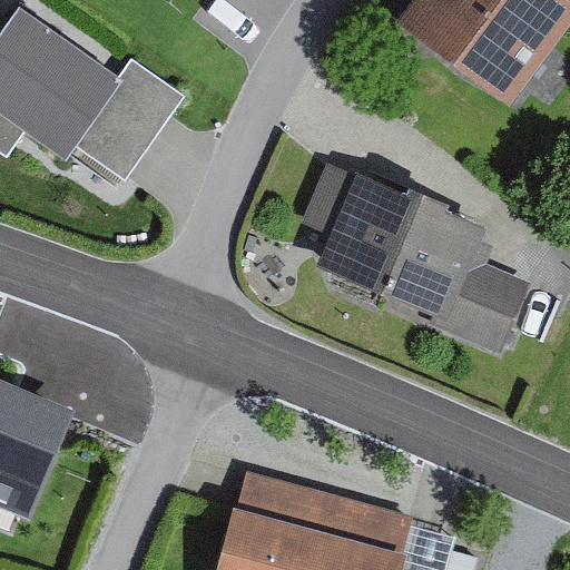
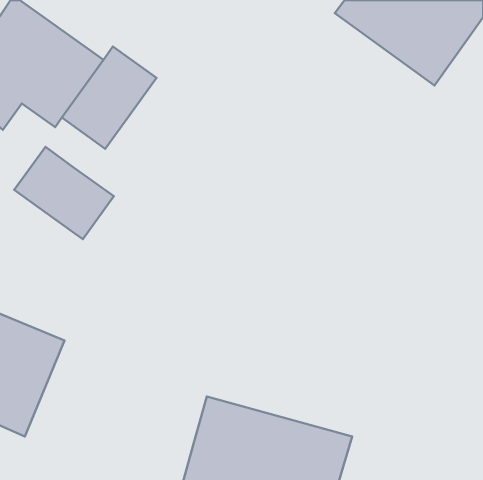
building: [301,164,528,356] -> none
building: none -> [14,147,114,239]

